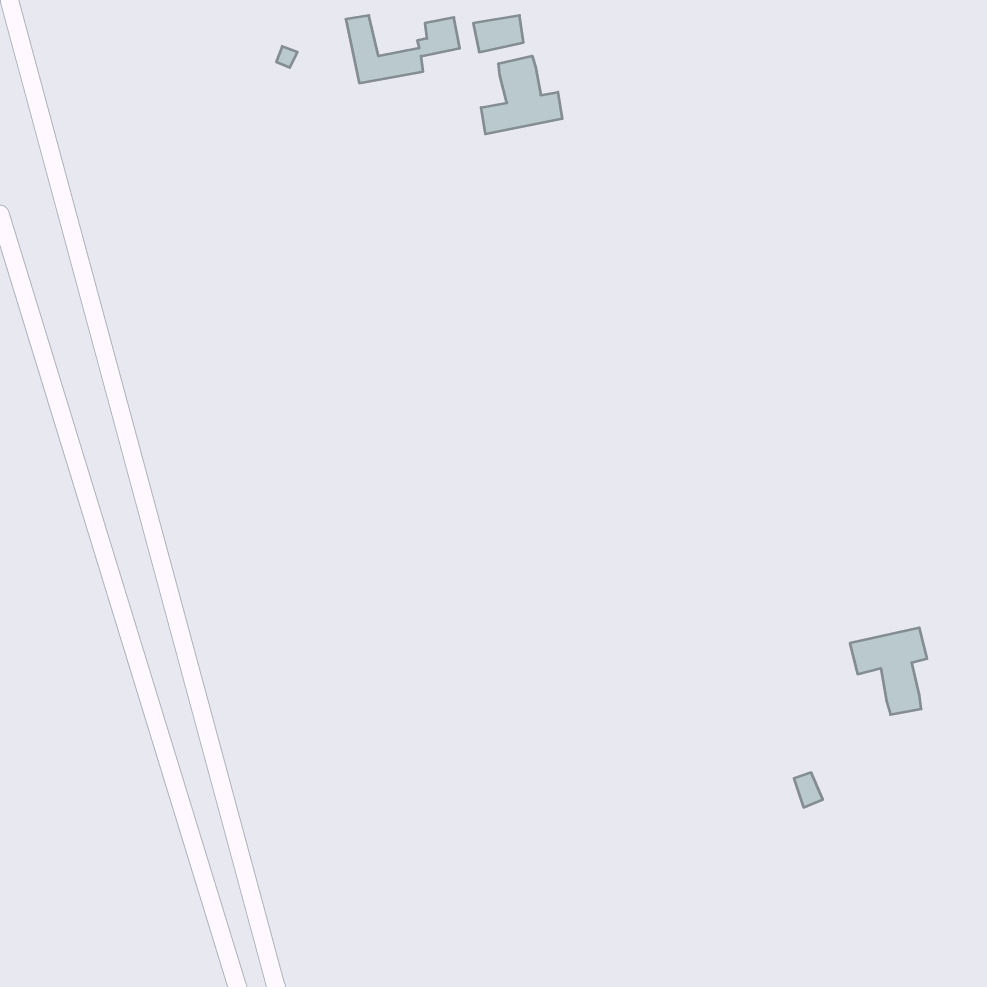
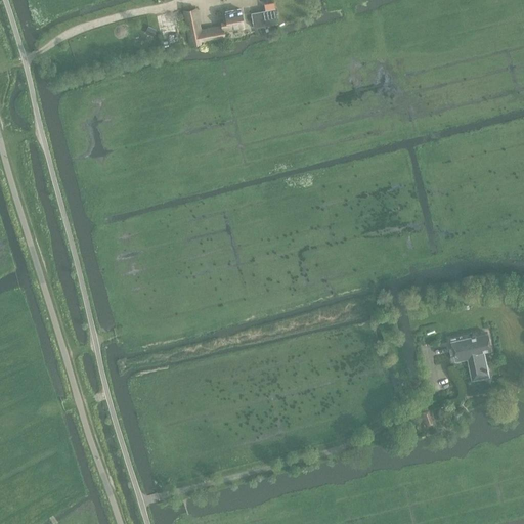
building: [481,56,562,134] -> none

